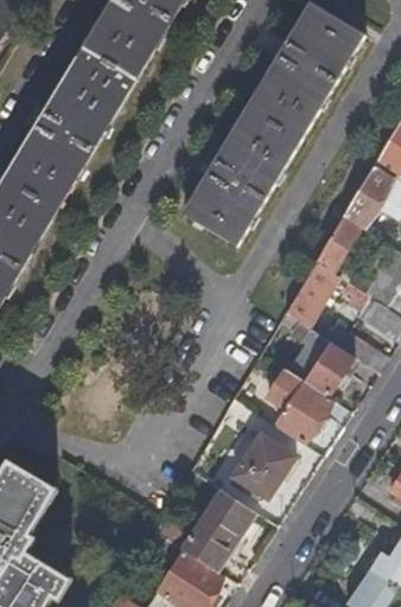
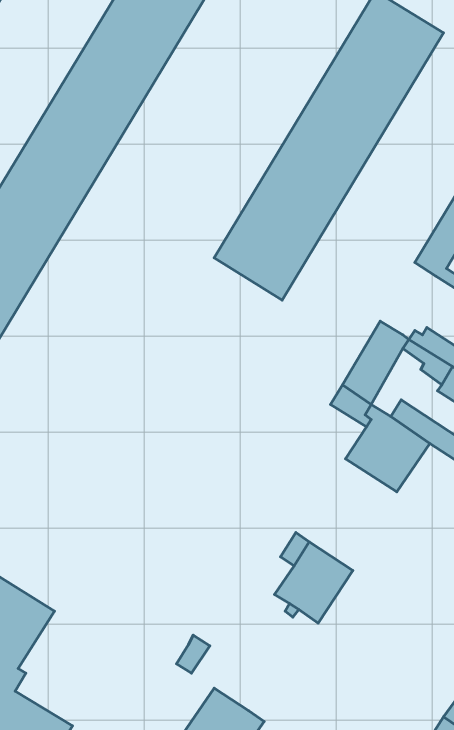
building: [316,216,359,273] -> none
building: [267,368,335,445] -> none
building: [183,490,252,568] -> none

